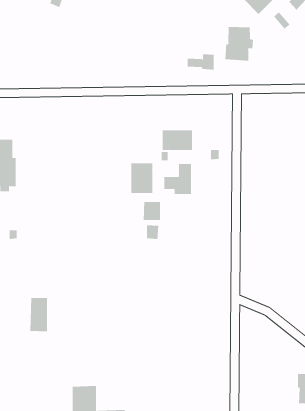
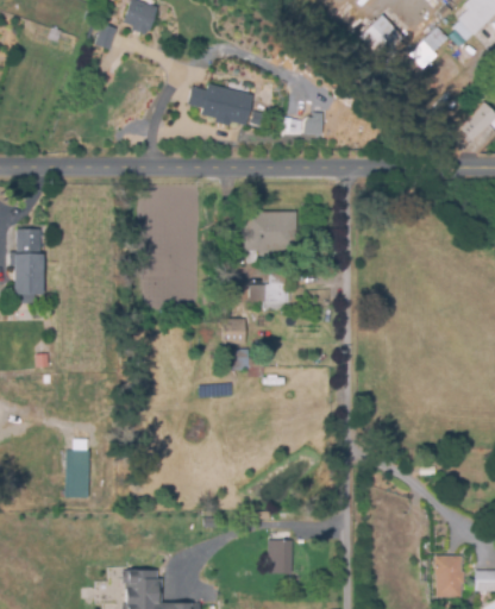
building: [225,26,253,61] -> none
building: none -> [186,84,251,126]
building: [131,162,153,194] -> none
building: none -> [270,529,296,572]

